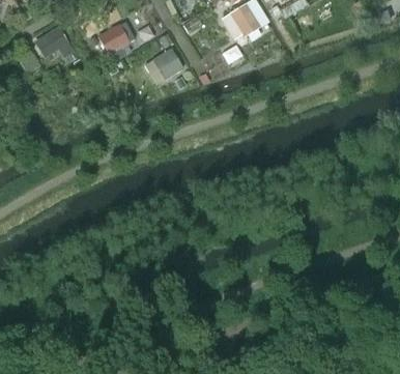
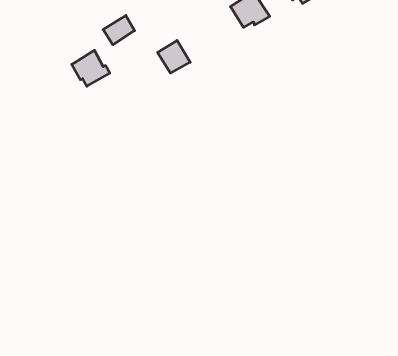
building: [36,26,73,60] -> [72,50,110,86]

